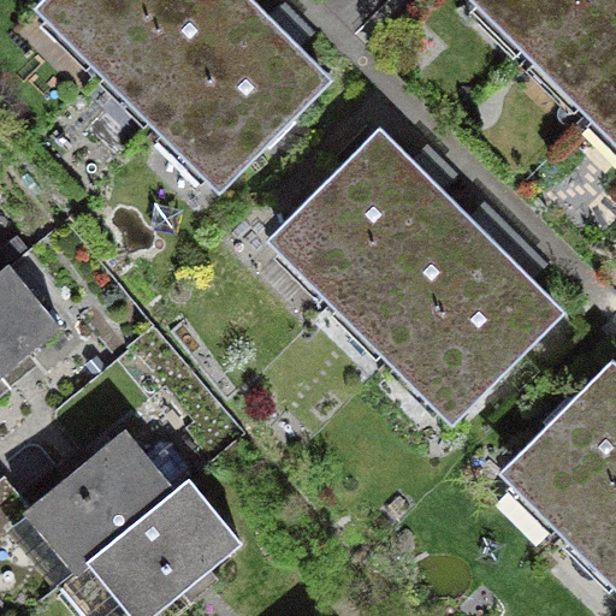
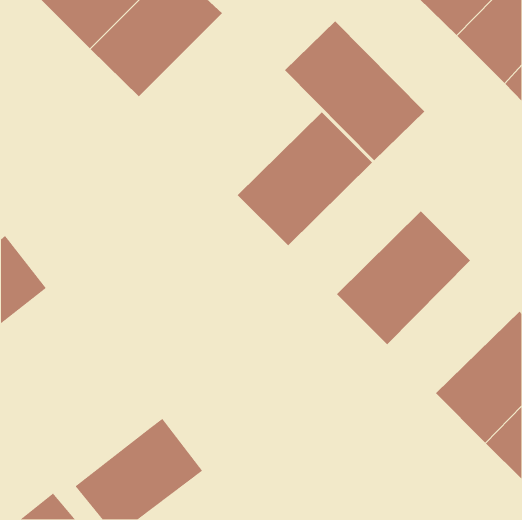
building: [164,16,322,174] -> none
building: none -> [284,20,425,161]
building: [339,191,496,346] -> none
building: [24,442,177,586] -> none

